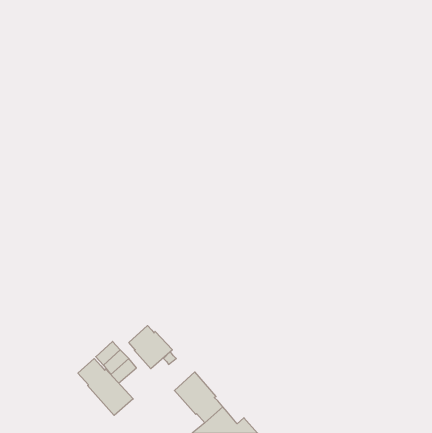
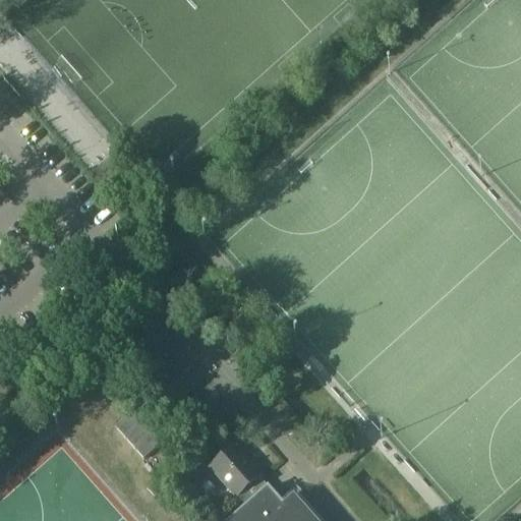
building: [129,326,172,369] -> none
building: [78,359,133,415] -> none

